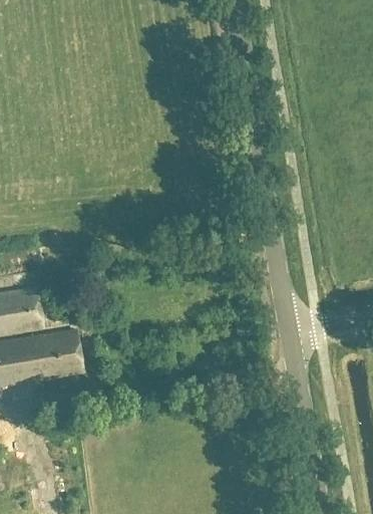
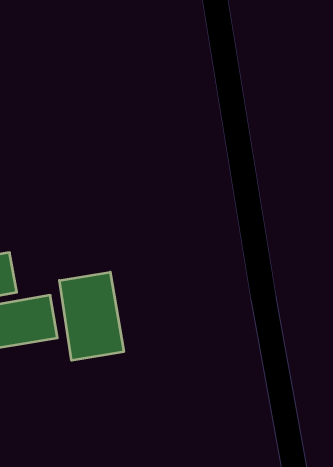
building: none -> [59,272,124,360]

